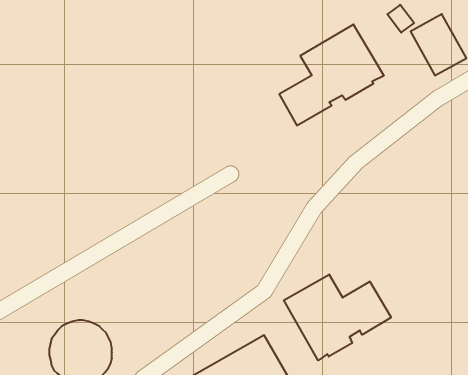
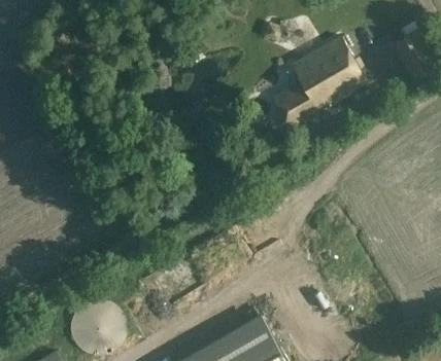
building: [284,274,391,360] -> none

